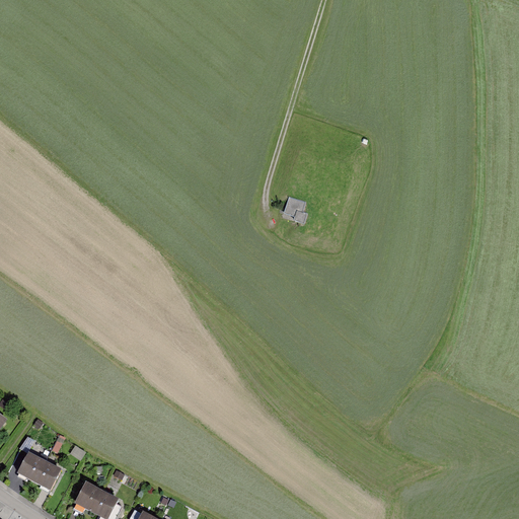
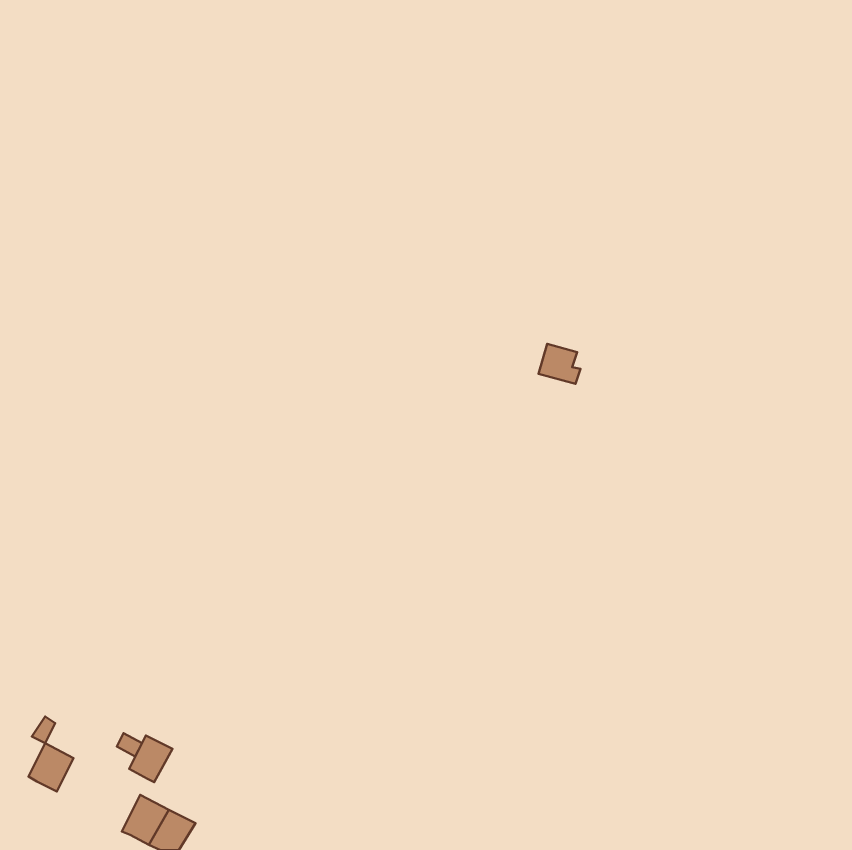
building: [284,197,309,221] -> [539,344,580,384]
building: [34,460,61,489] -> [129,736,173,782]

